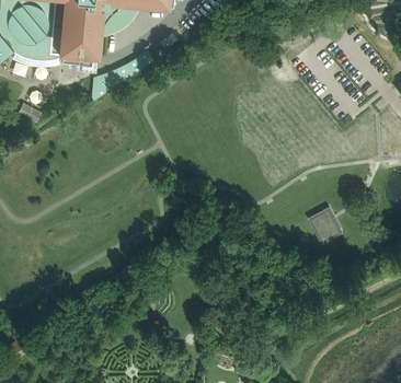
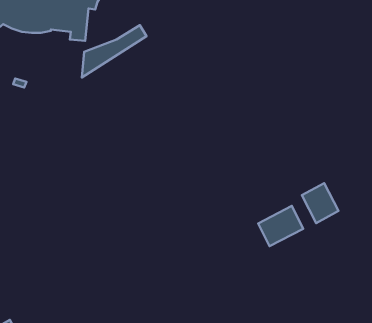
building: none -> [258,206,303,246]

